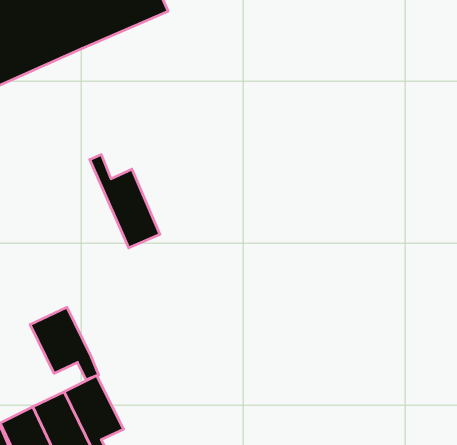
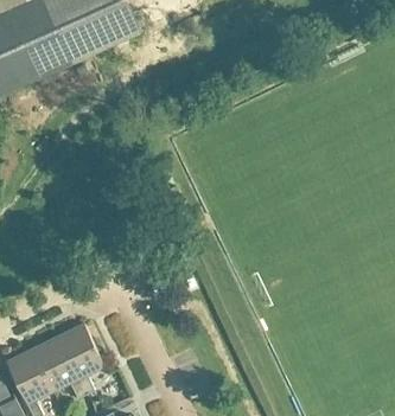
building: [90,155,160,248] -> none
building: [30,307,99,380] -> none

